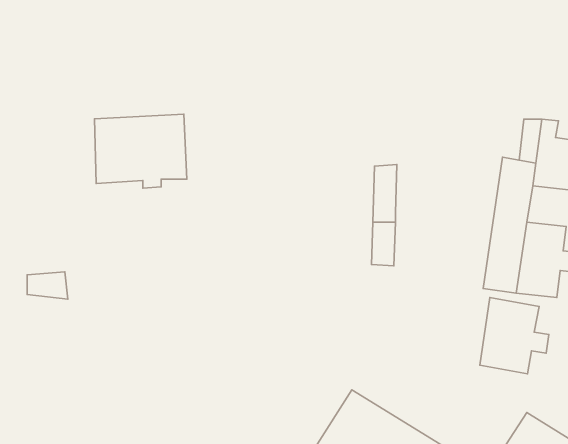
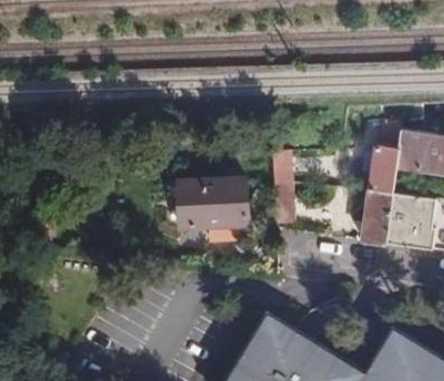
building: [95,114,187,188] -> [180,179,248,234]
building: [480,298,549,374] -> none

